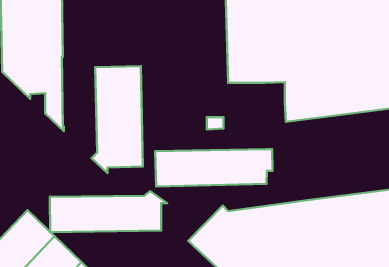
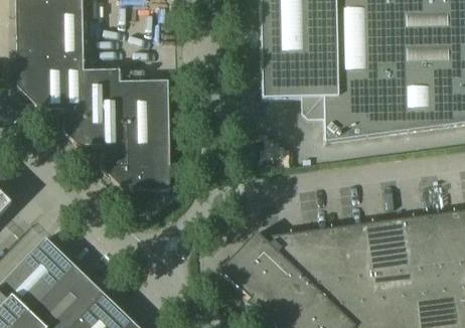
building: none -> [84,69,122,180]
building: [155,149,273,186] -> none
building: [50,191,167,232] -> none

